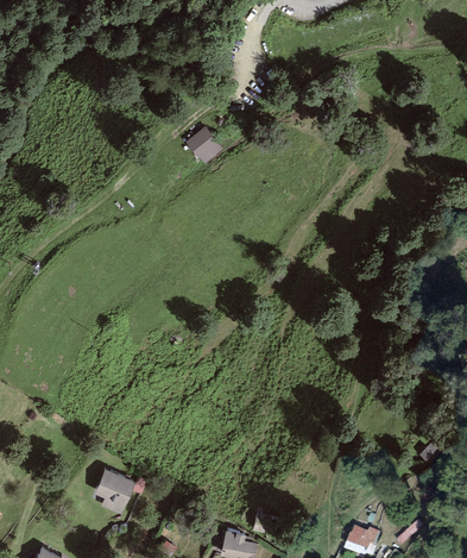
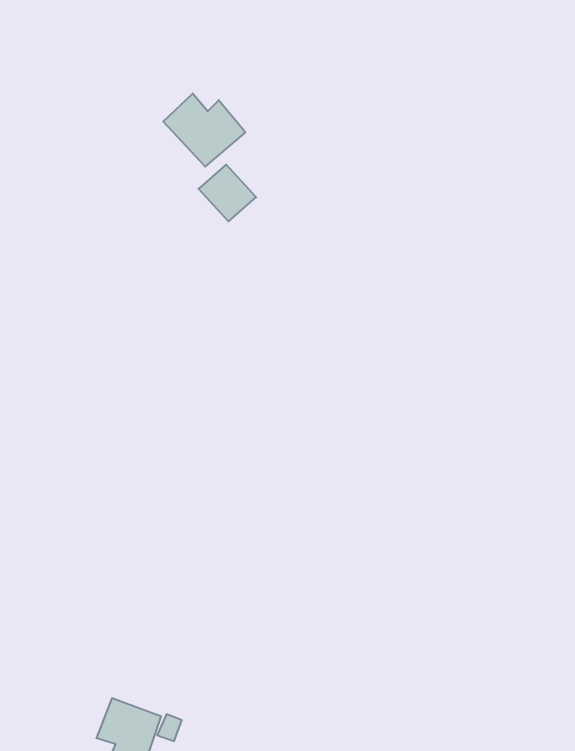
building: none -> [163,93,245,167]

